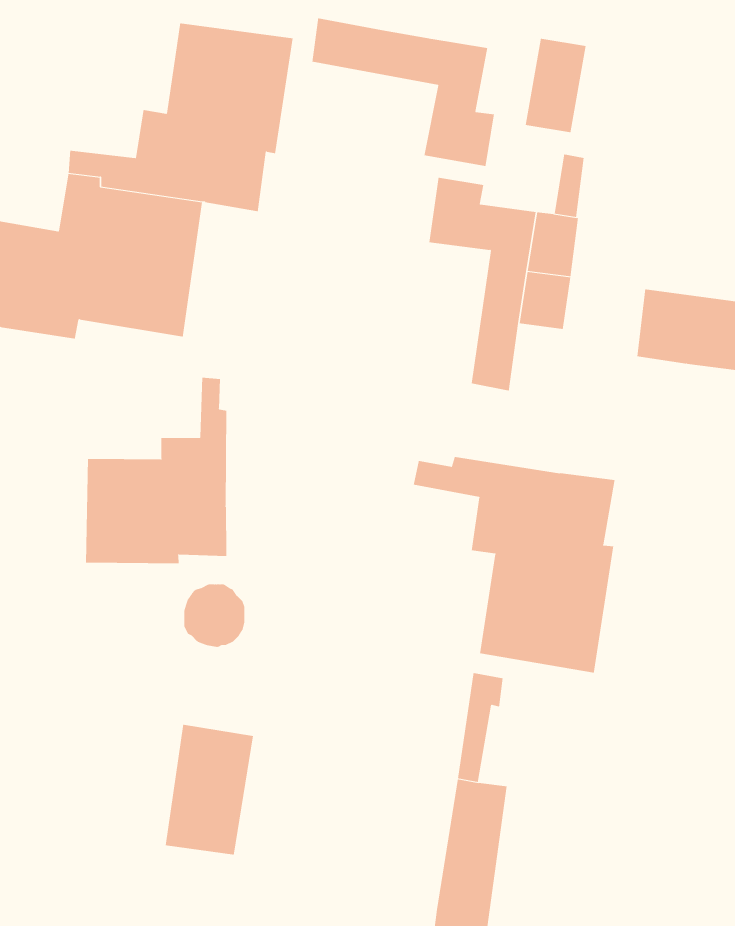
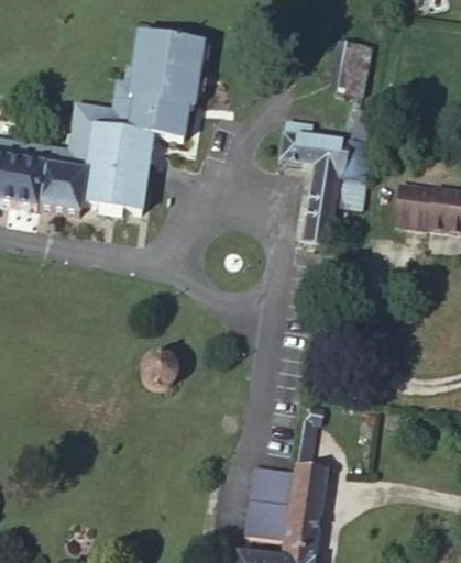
building: [312,17,495,167] -> none
building: [86,377,227,564] -> none
building: [413,456,615,673] -> none
building: [165,724,254,855] -> [245,464,296,539]

